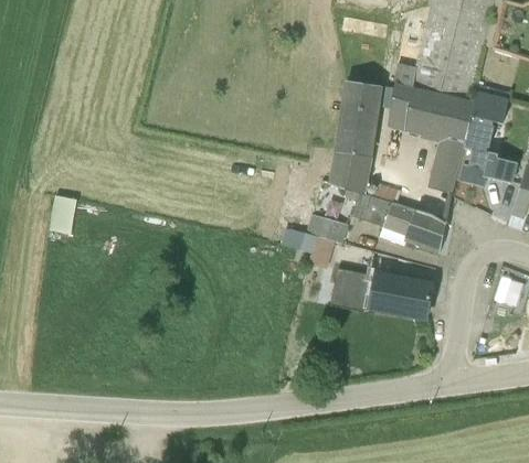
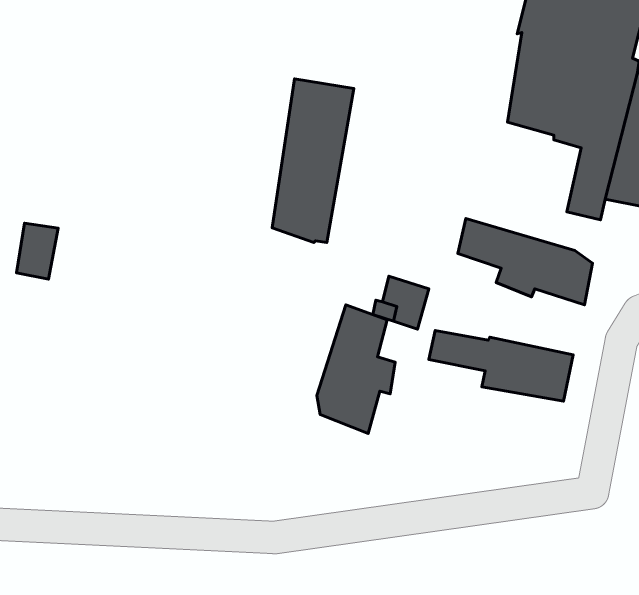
building: [329,80,385,193] -> [272,79,354,242]
building: [306,214,349,243] -> none
building: none -> [317,305,395,433]

